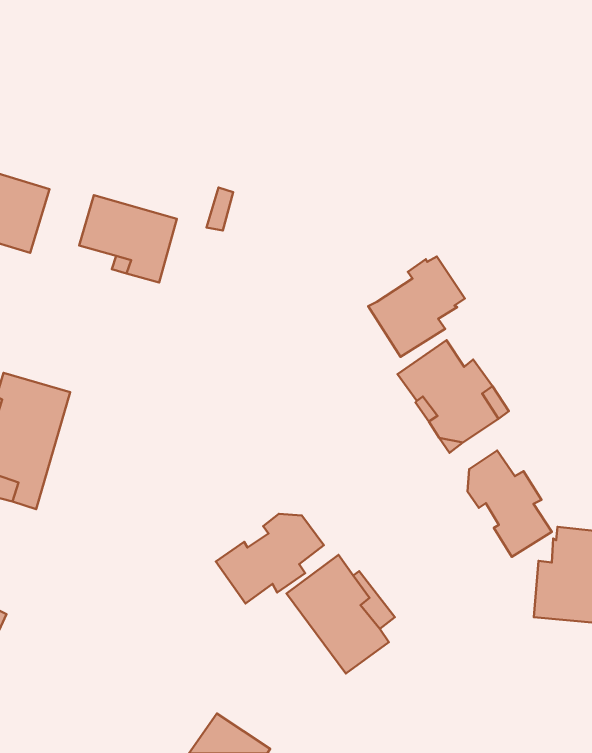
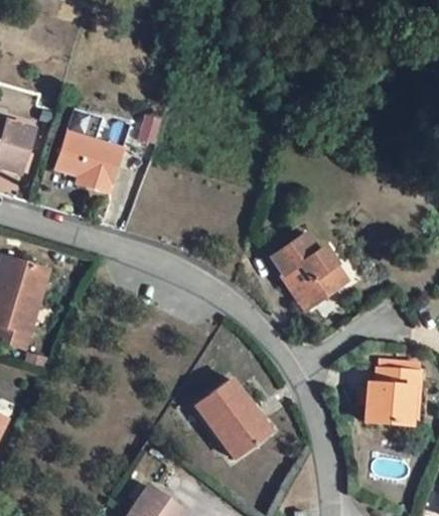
building: [368,257,465,357] -> none
building: [468,450,552,557] -> none
building: [216,514,324,604] -> none

